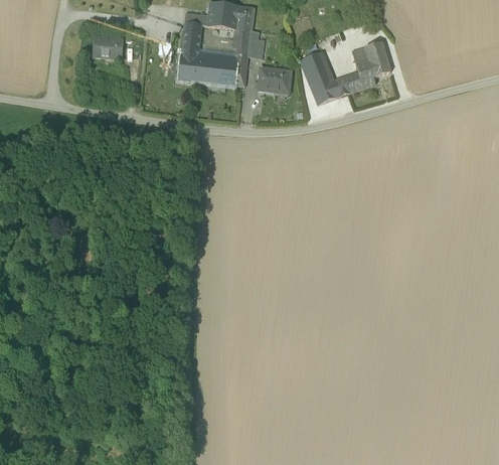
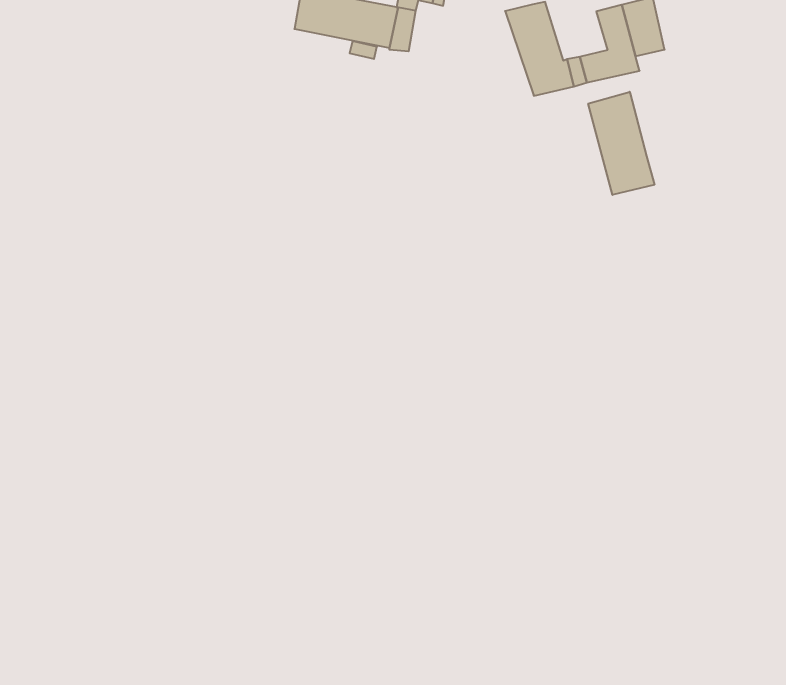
building: [258,64,291,91] -> none
building: none -> [588,92,654,195]

